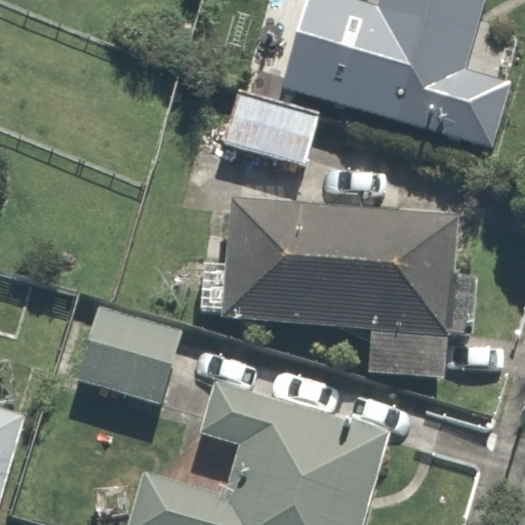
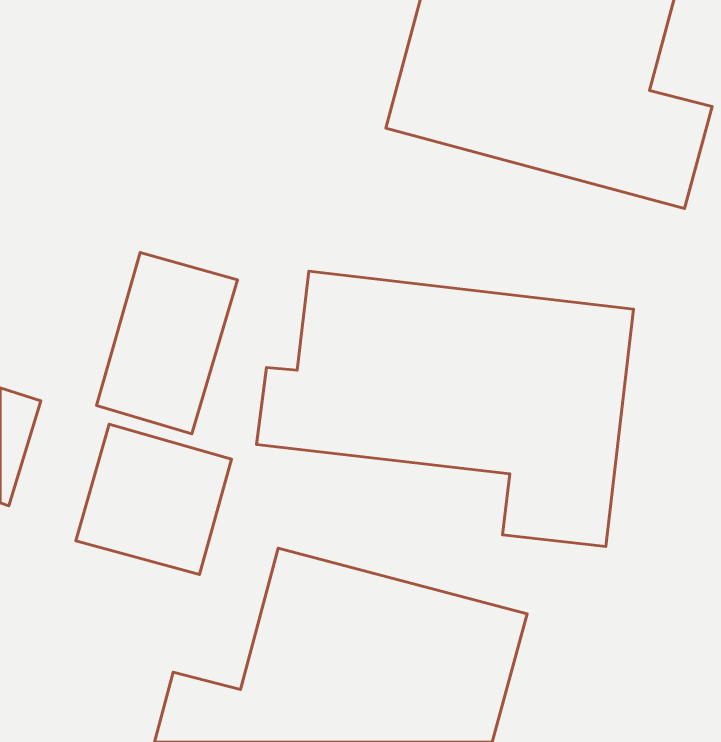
building: [201,82,326,170] -> none
building: none -> [97,252,237,434]

